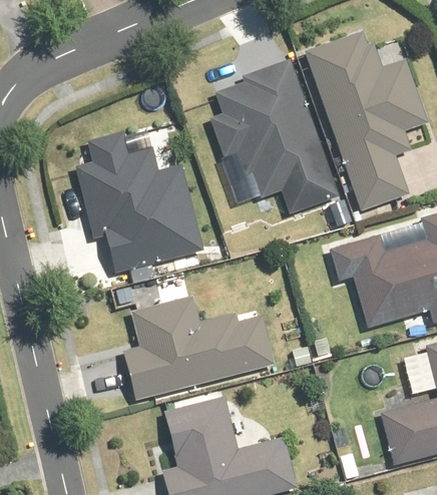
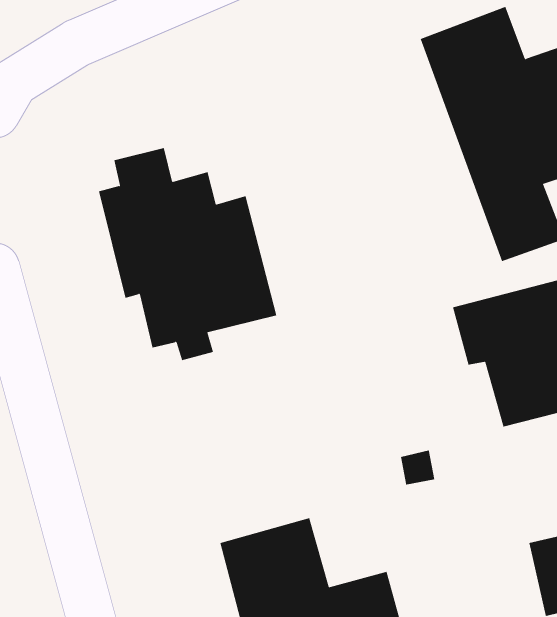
building: [208,59,343,213] -> none
building: [122,295,274,399] -> none

